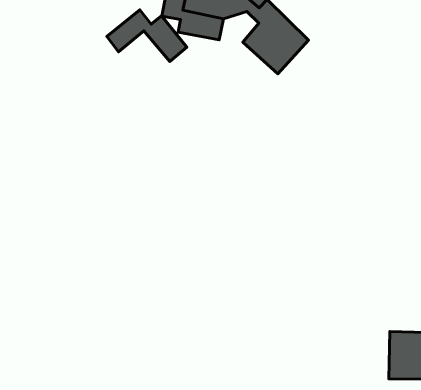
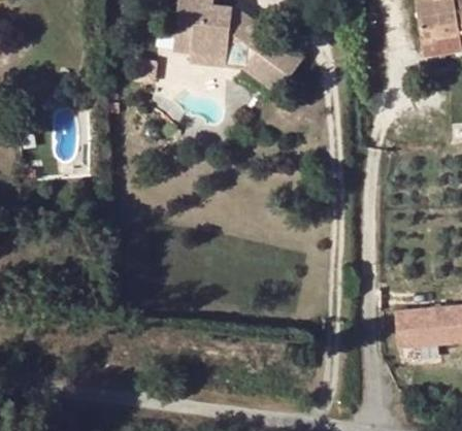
building: [107,10,187,61] -> none

